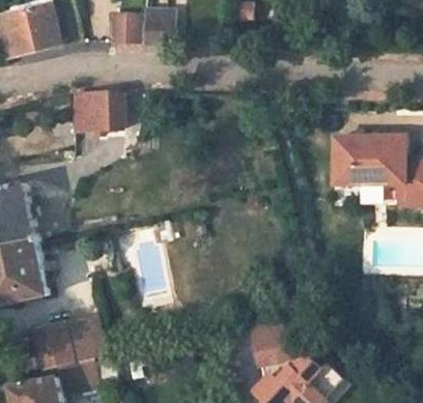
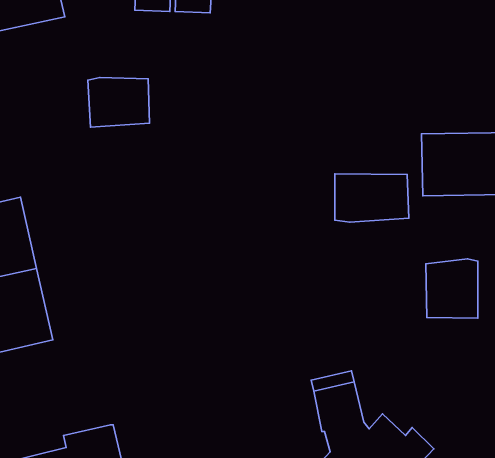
building: none -> [335,174,409,222]
building: none -> [426,259,478,318]
building: [24,319,93,373] -> none

